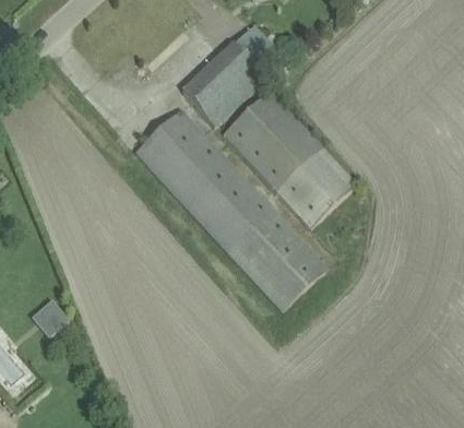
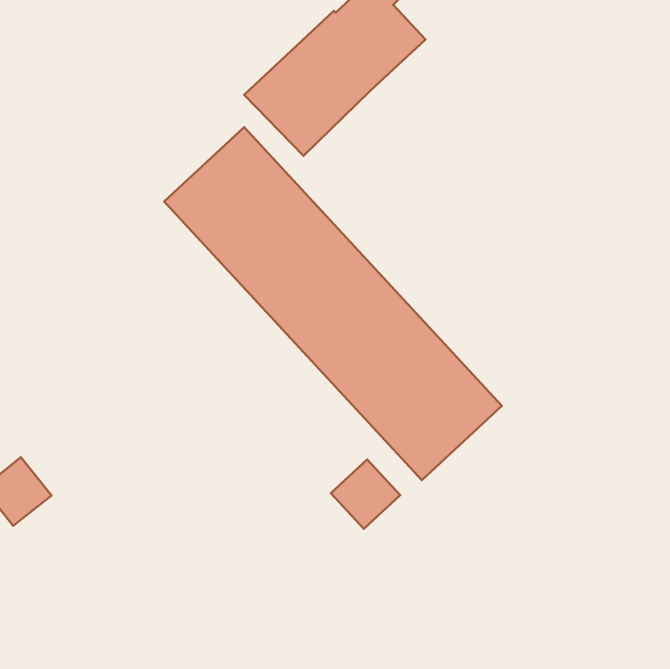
building: [218,87,353,224] -> none
building: none -> [331,460,400,529]

